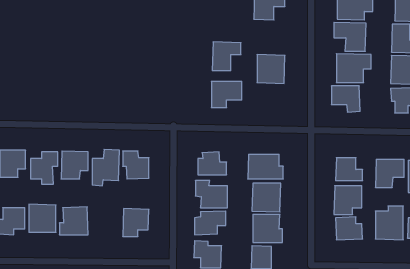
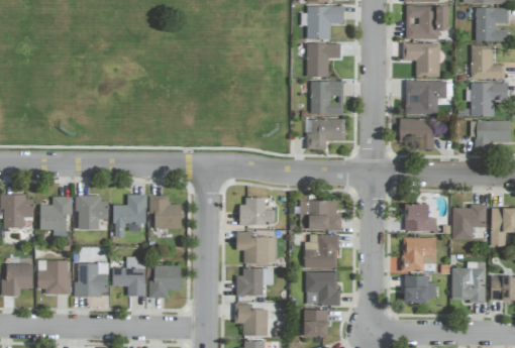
building: [212,42,241,71] -> [306,42,340,77]
building: [211,81,242,108] -> [308,118,344,149]
building: none -> [111,258,145,296]

